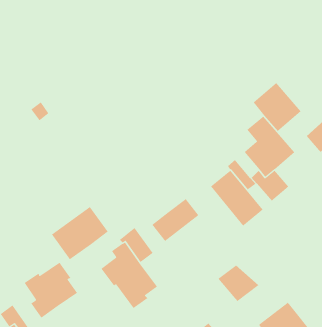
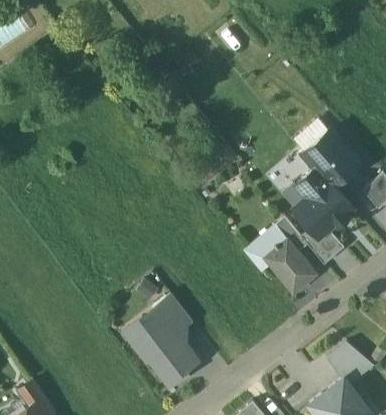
building: [152,198,199,242] -> none
building: [51,206,108,260] -> none
building: [24,262,78,319] -> none
building: [218,265,259,302] -> [327,341,374,383]

